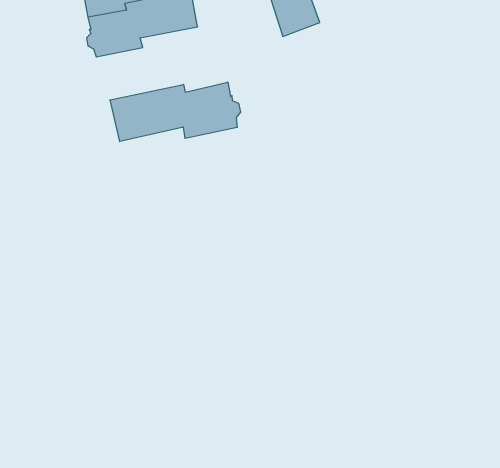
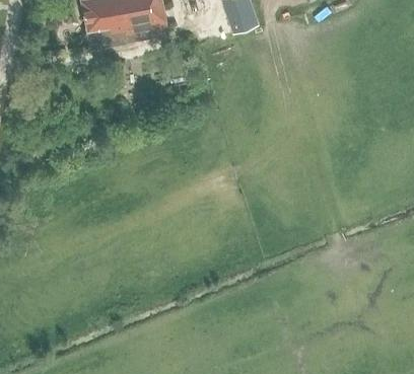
building: [110,82,241,142] -> none

